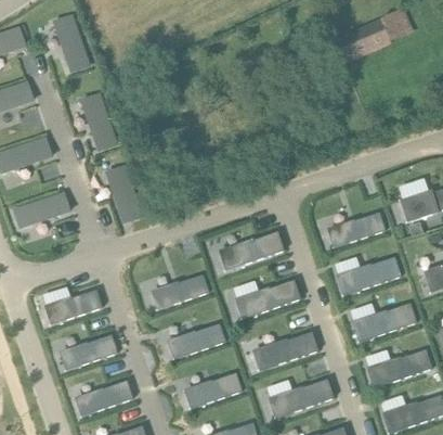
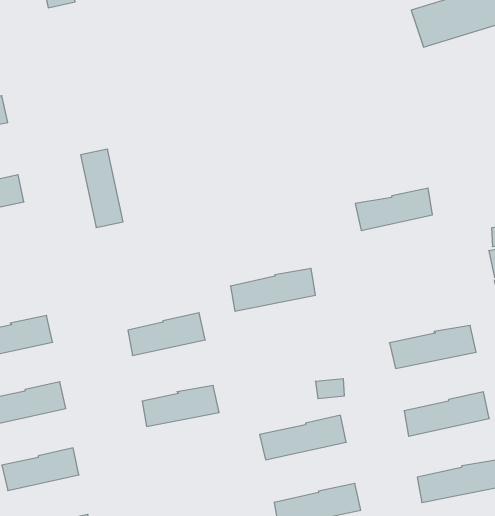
building: [79,93,115,149] -> none
building: [329,210,385,246] -> [355,188,432,231]
building: [238,280,300,317] -> none
building: [186,371,242,407] -> none

